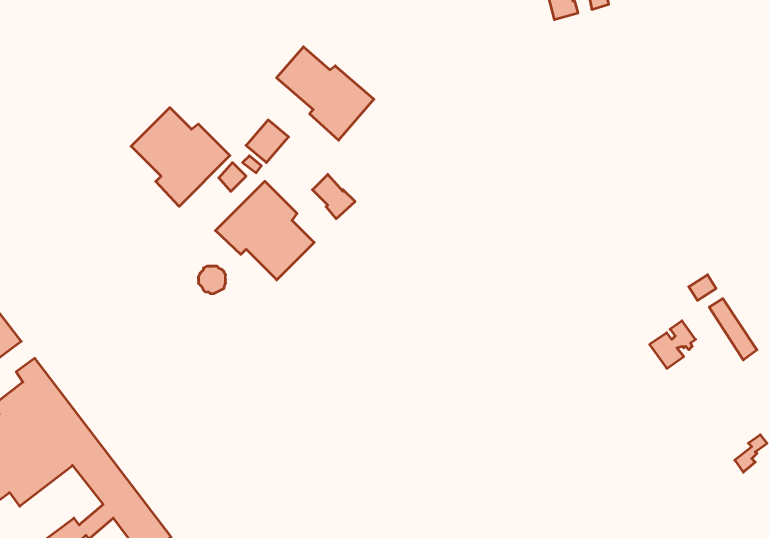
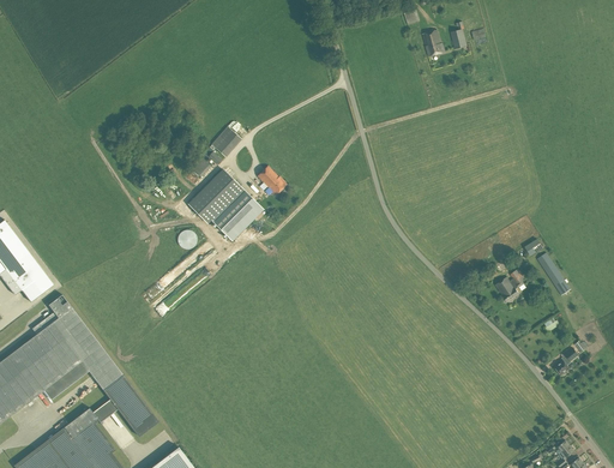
building: [277,47,374,140] -> none
building: [131,108,230,206] -> none

